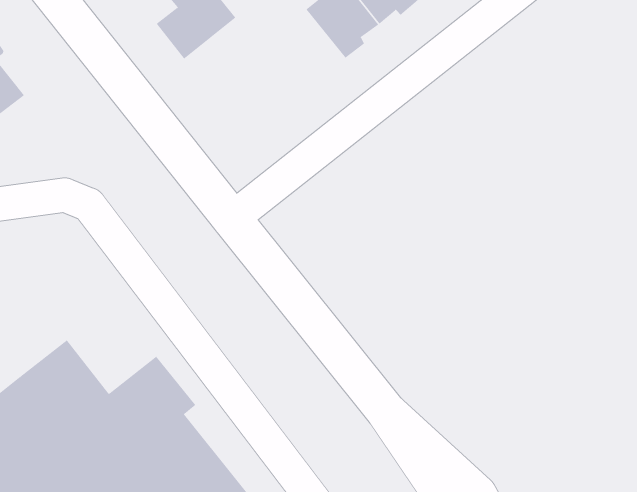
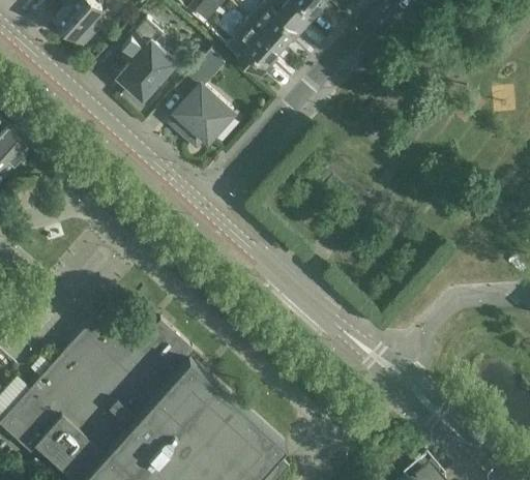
building: none -> [170,52,231,147]

